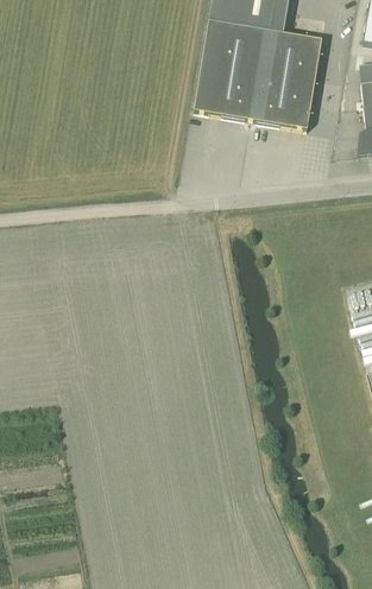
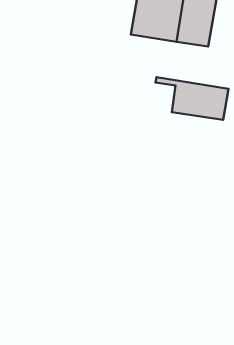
building: none -> [156,77,228,120]

